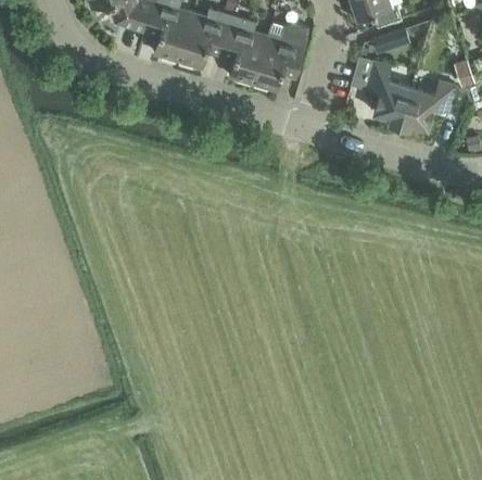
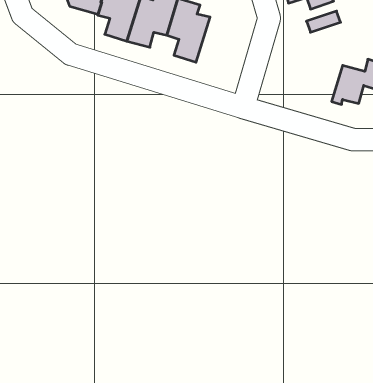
building: [252,23,307,90] -> none
building: [365,61,410,126] -> none

